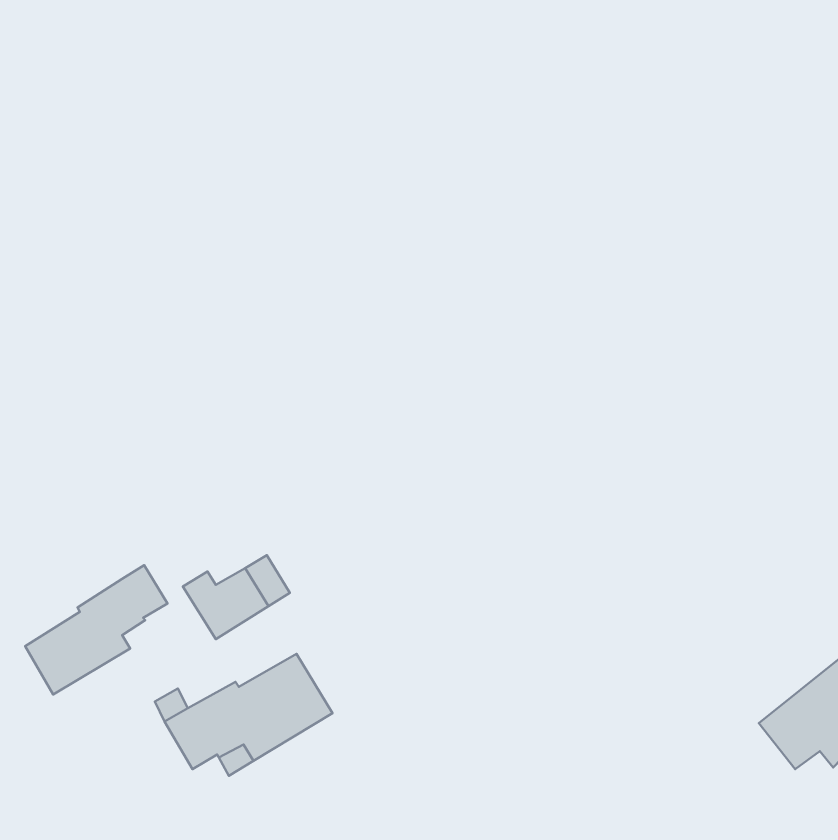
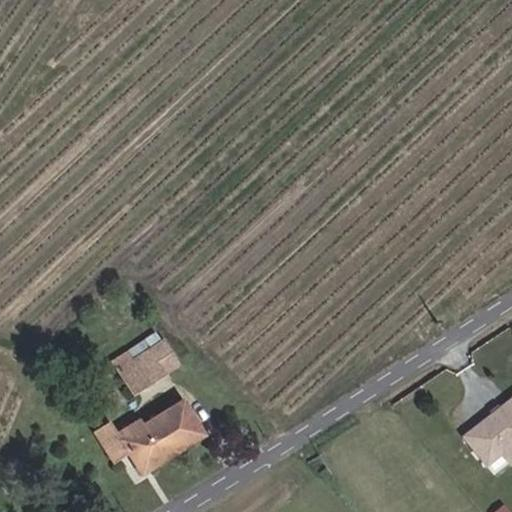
building: [25,565,167,695] -> none

